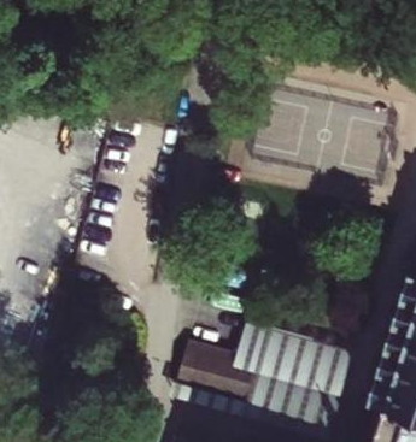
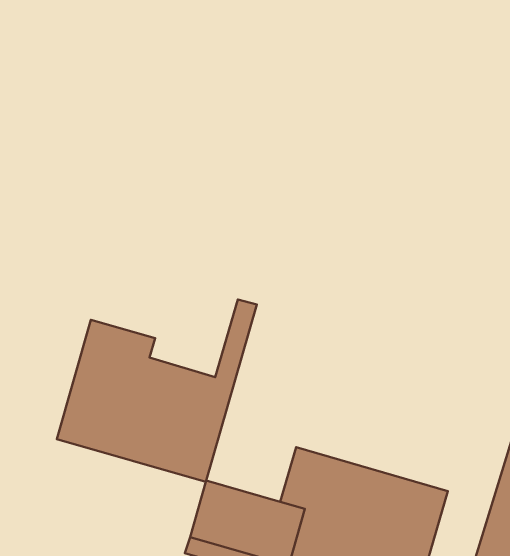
building: none -> [57,300,257,482]

